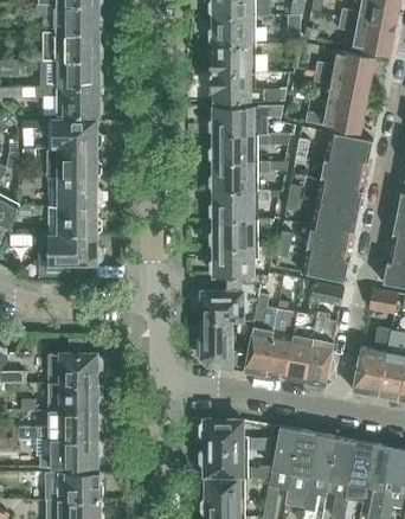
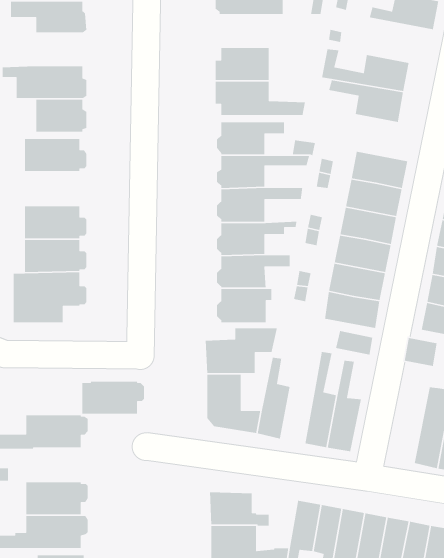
building: [210,15,256,43] -> none
building: [339,18,394,55] -> none
building: [58,31,102,58] -> none
building: [306,100,365,132] -> none
building: [49,148,102,177] -> none
building: [265,308,294,378] -> none
building: [353,327,391,395] -> none
building: [50,382,103,410] -> [82,381,145,414]

